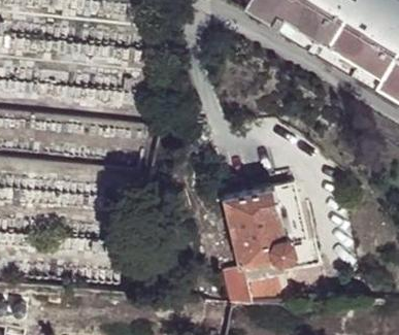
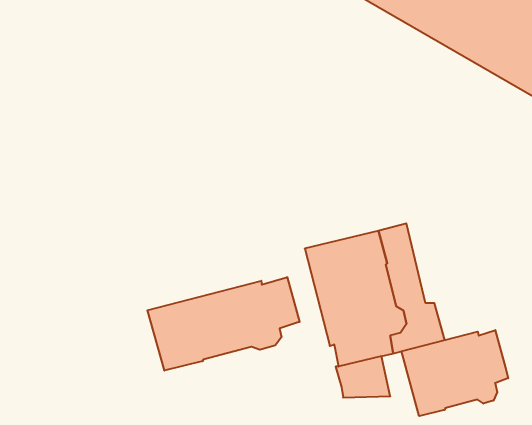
building: none -> [147,277,300,371]
building: none -> [402,330,508,416]

